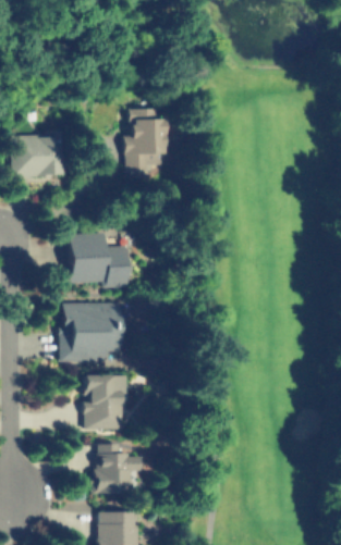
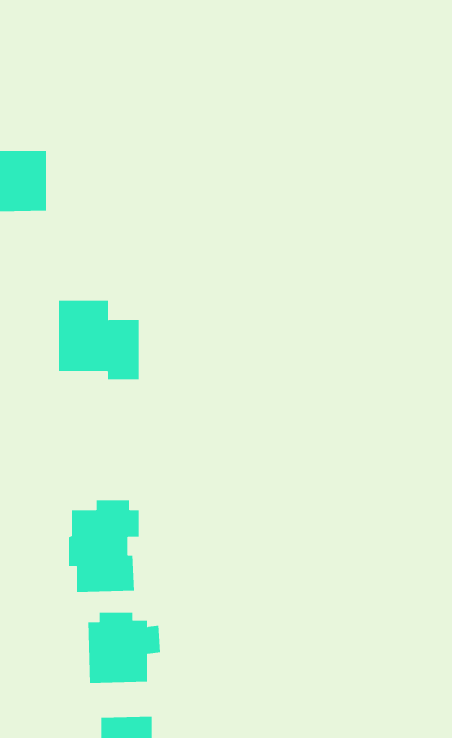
building: [123,102,166,172] -> none
building: [65,305,122,361] -> none

